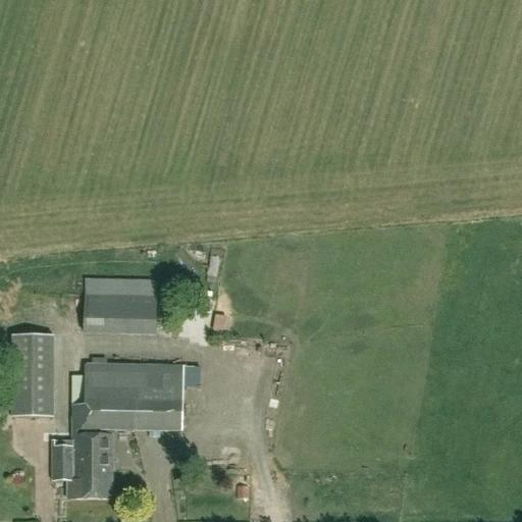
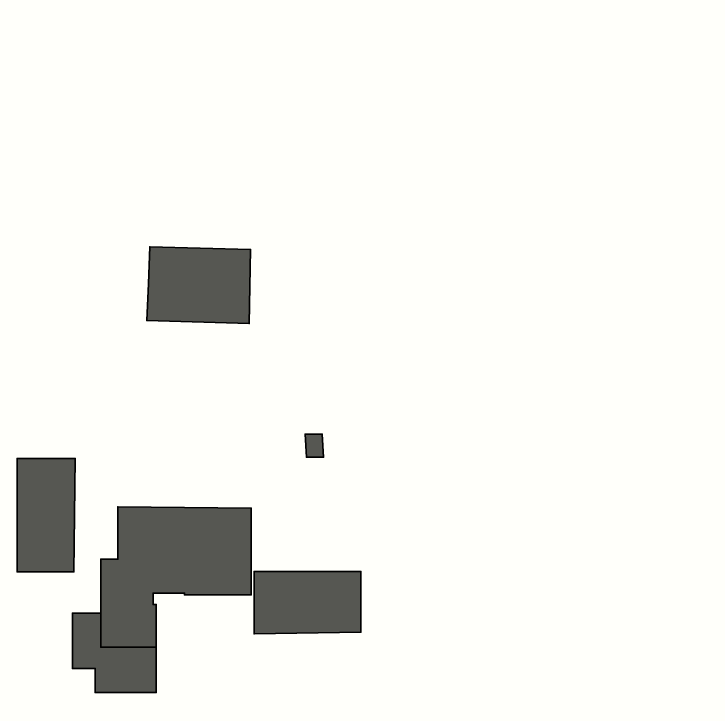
building: [83,279,157,334] -> [147,247,250,323]
building: none -> [254,571,361,634]

